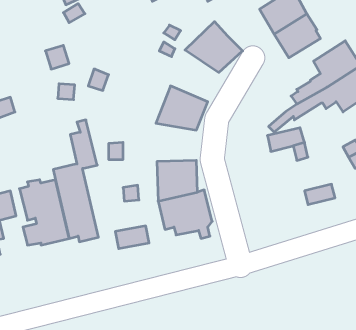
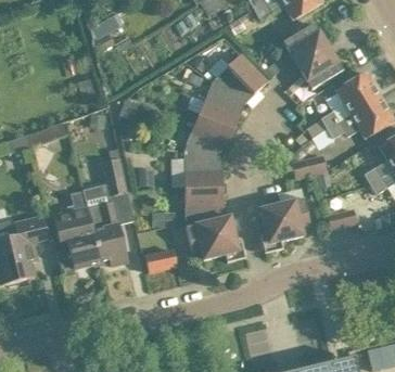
building: none -> [197,80,244,130]
building: none -> [183,151,222,188]
building: none -> [259,197,310,249]

